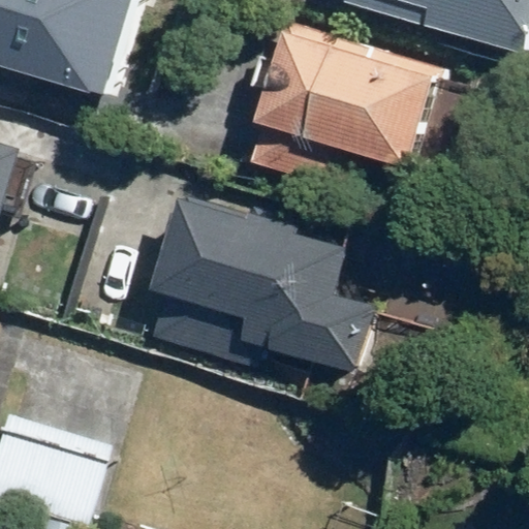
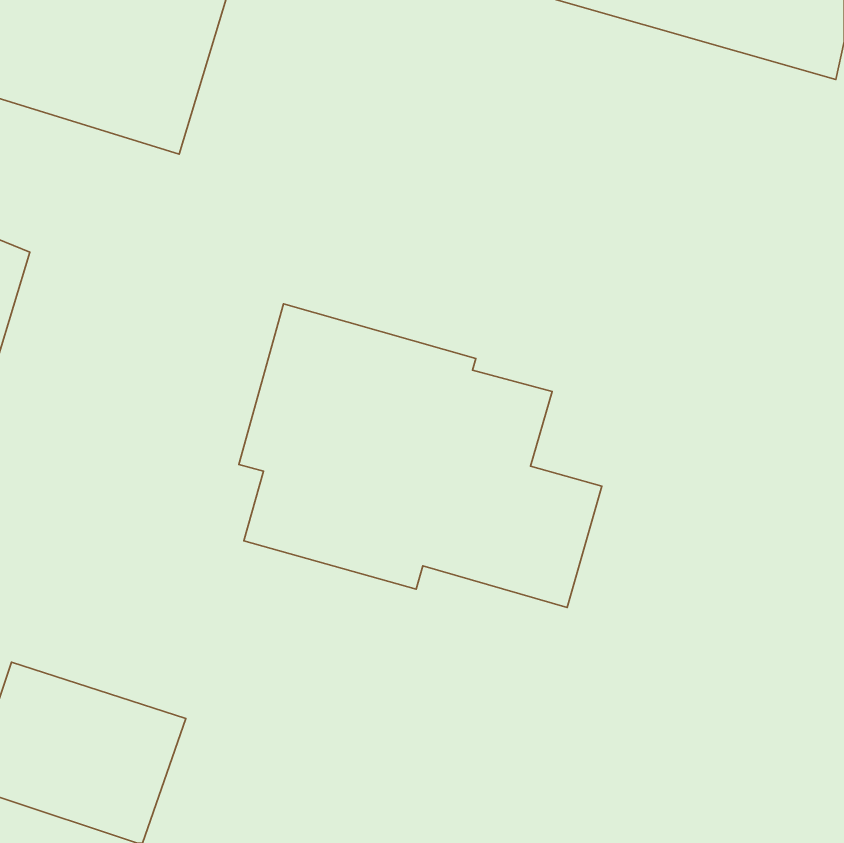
building: [248,36,431,188] -> none

